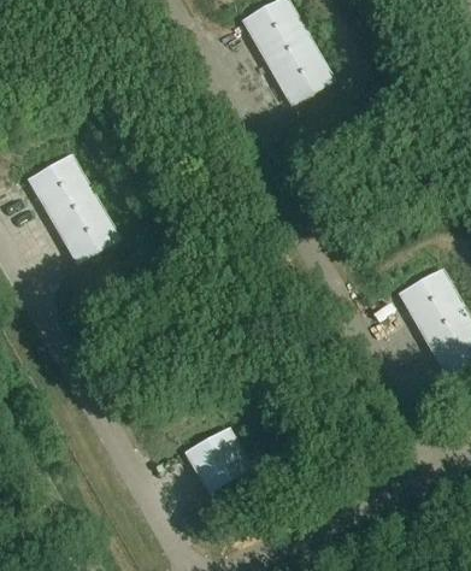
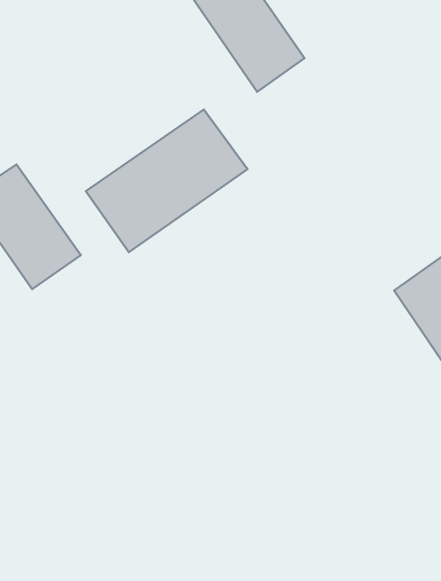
building: none -> [86,110,248,252]
building: [183,425,253,493] -> none

